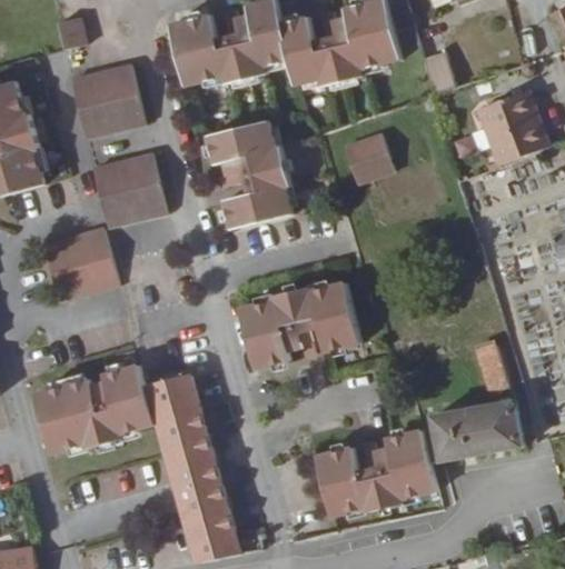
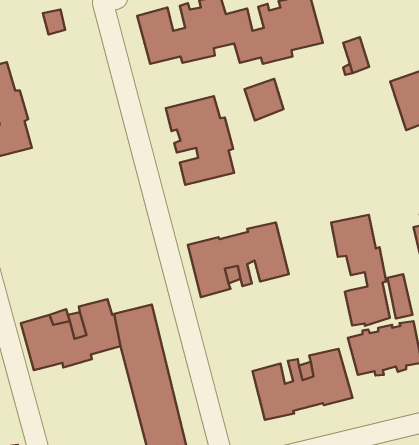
building: [75,66,148,139] -> none
building: [346,136,393,186] -> [245,79,283,120]
building: [97,154,170,228] -> none
building: [46,229,120,302] -> none
building: none -> [331,215,390,326]

